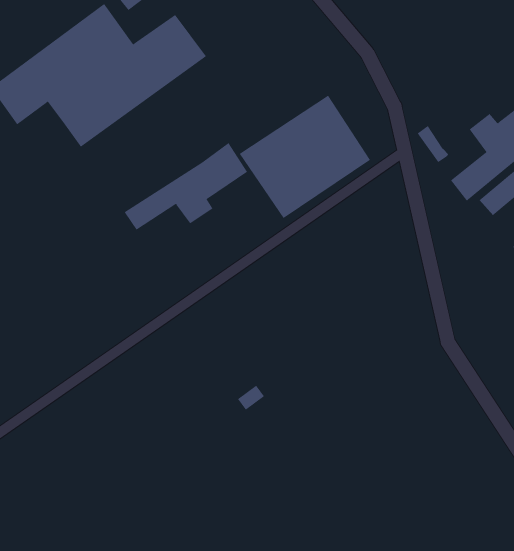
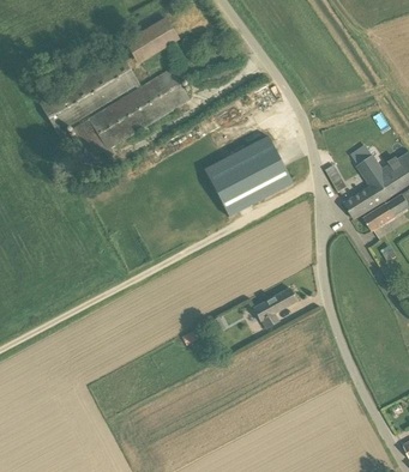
building: [124,142,248,231] -> none
building: none -> [255,289,297,327]

